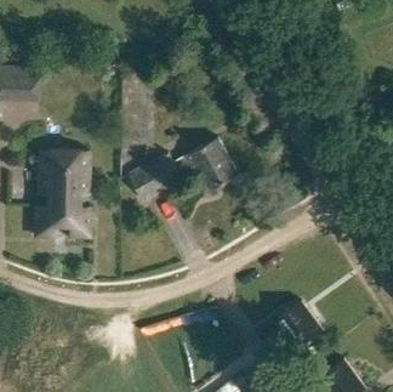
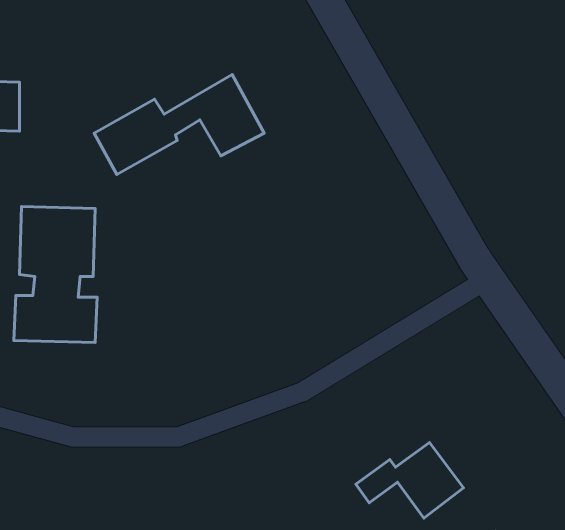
building: [129,138,238,203] -> [94,75,264,175]

